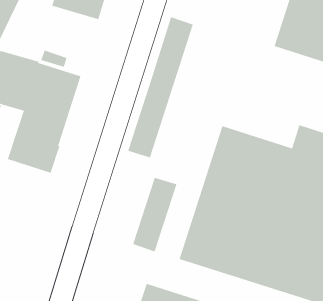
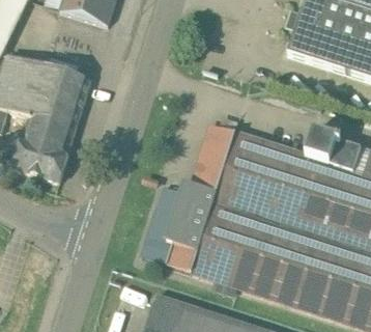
building: [127,16,194,158] -> [166,122,234,269]

